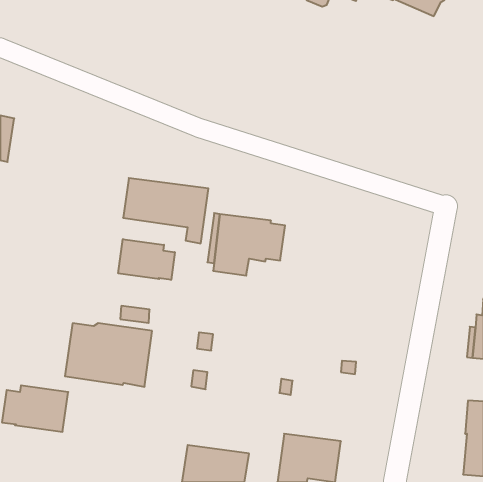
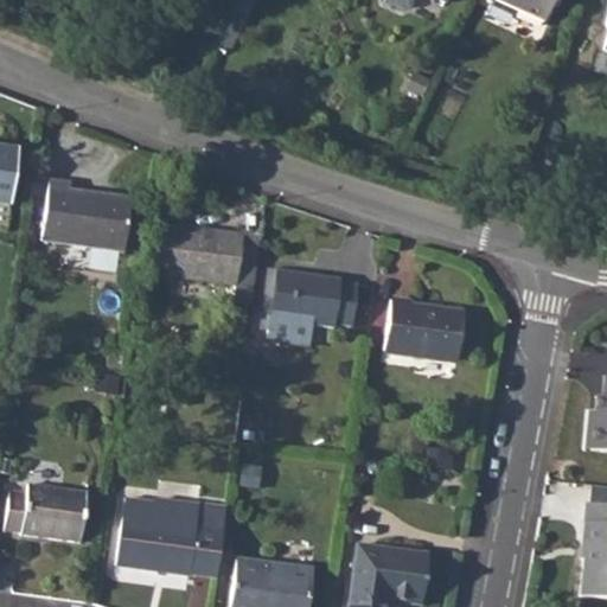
building: none -> [41,179,132,250]
building: none -> [384,298,464,359]
building: [118,239,175,280] -> none
building: [65,323,152,387] -> [116,497,225,576]

